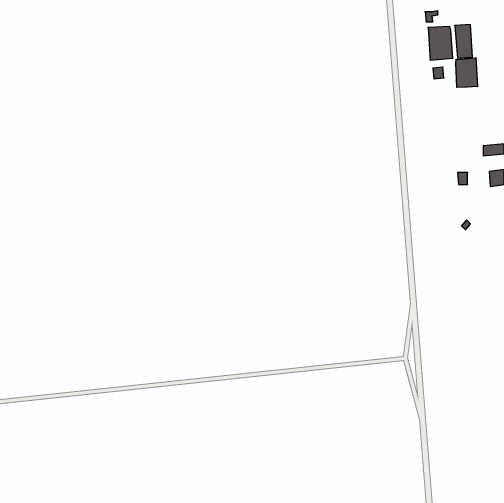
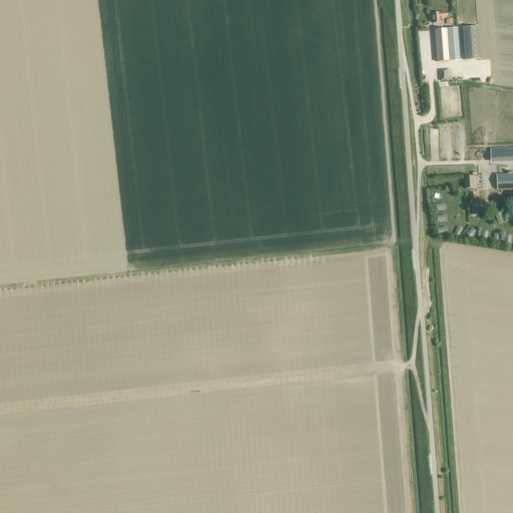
building: [456,58,478,87] -> none

